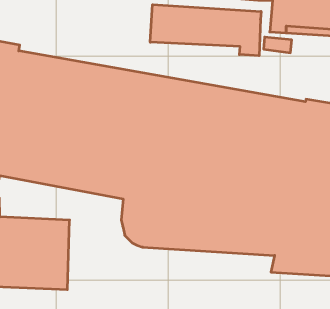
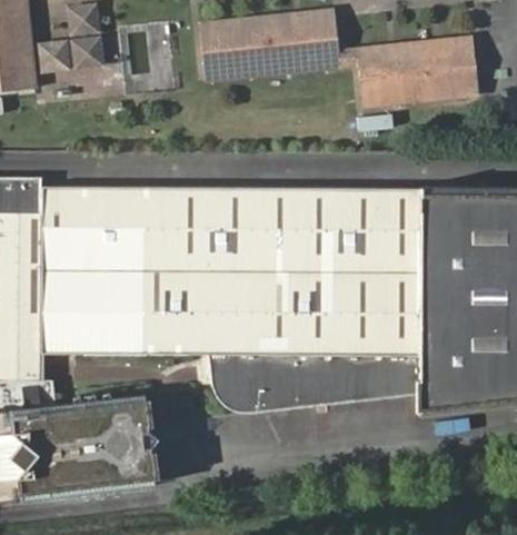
building: [150,5,261,56] -> none

